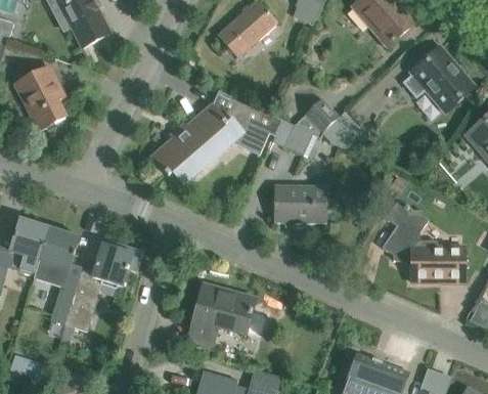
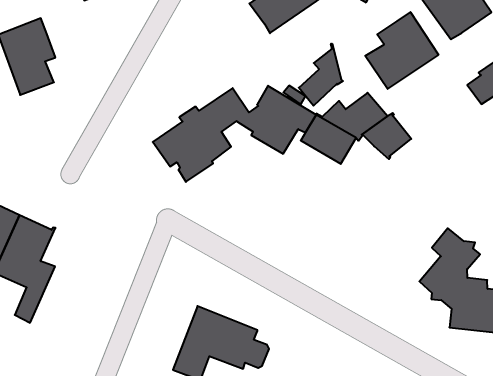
building: none -> [365,12,438,89]
building: none -> [299,44,343,106]
building: [274,184,326,223] -> none
building: [60,243,142,343] -> none

